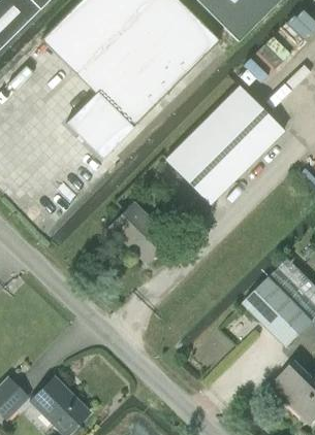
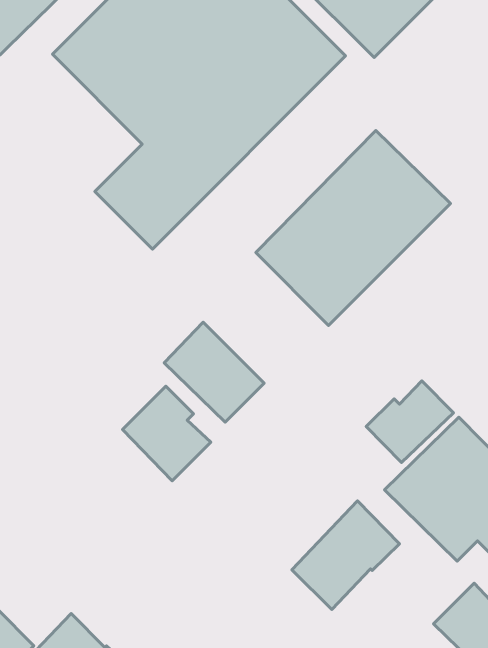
building: none -> [366,381,453,463]
building: none -> [123,386,211,481]
building: none -> [292,501,399,609]

